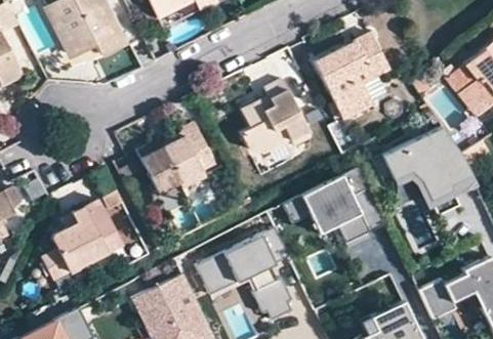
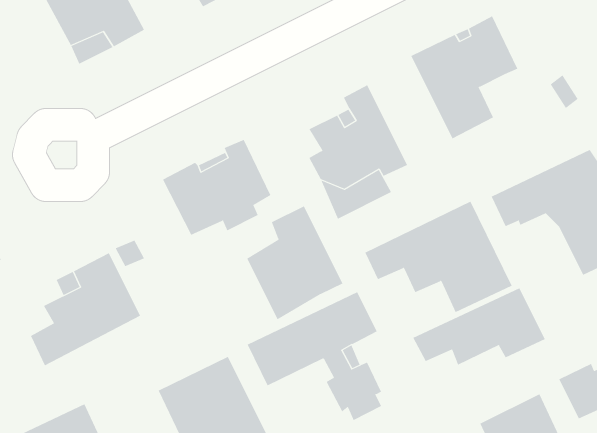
building: none -> [246,206,343,320]
building: none -> [413,287,545,366]

